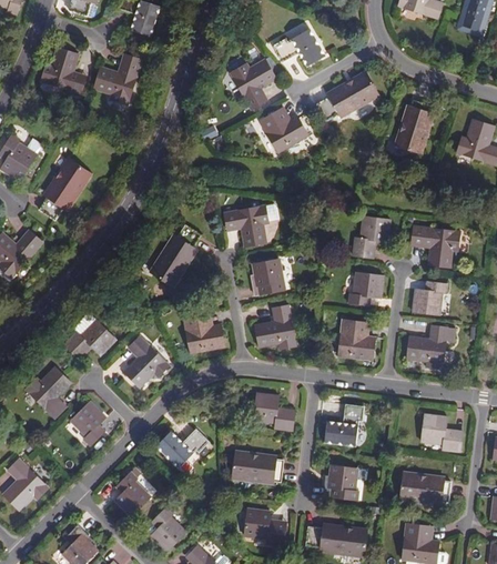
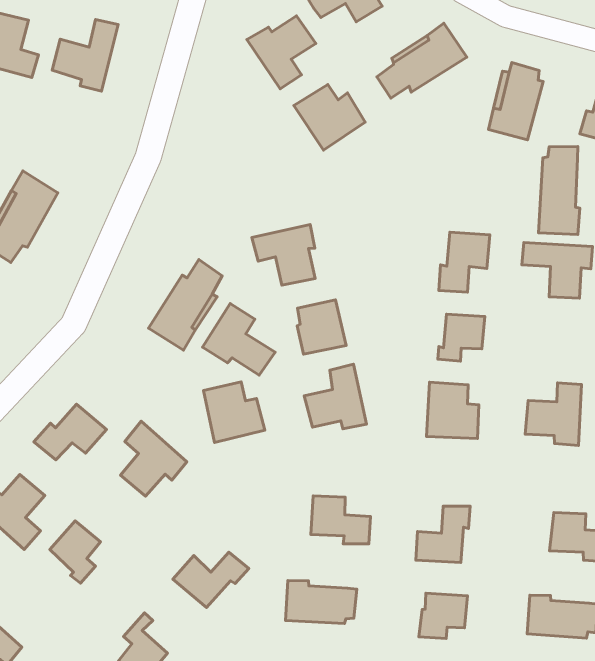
building: none -> [539,146,580,234]
building: none -> [202,303,275,375]
building: [413,282,447,314] -> none

